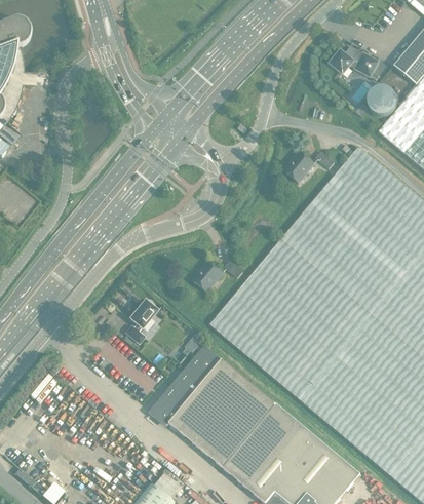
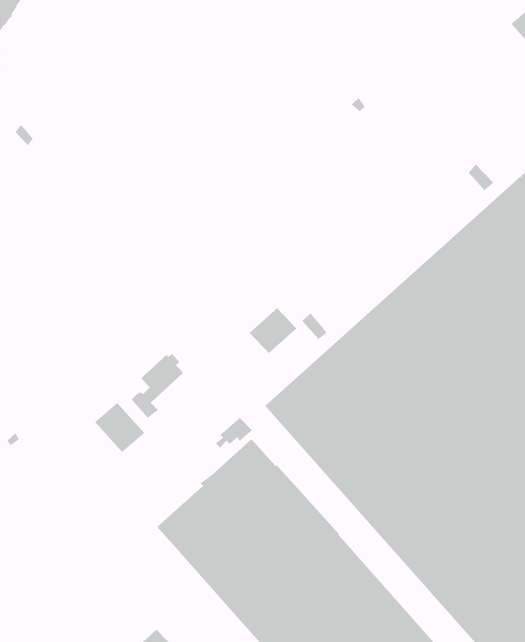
building: [284,155,314,186] -> none
building: none -> [94,402,145,453]

